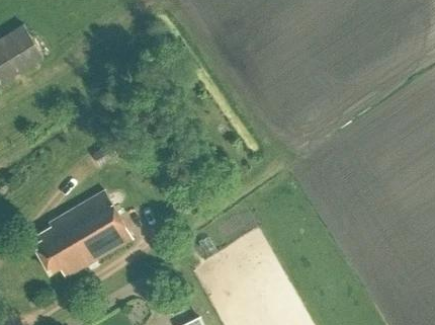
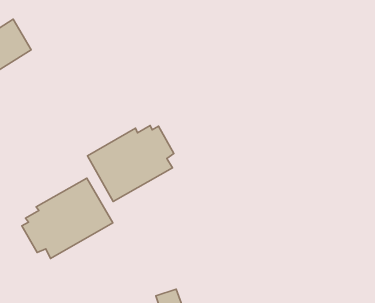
building: none -> [87,125,174,201]

